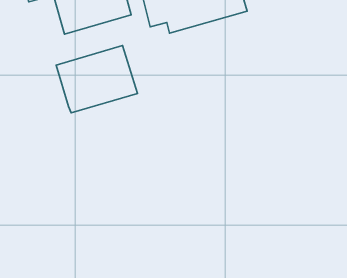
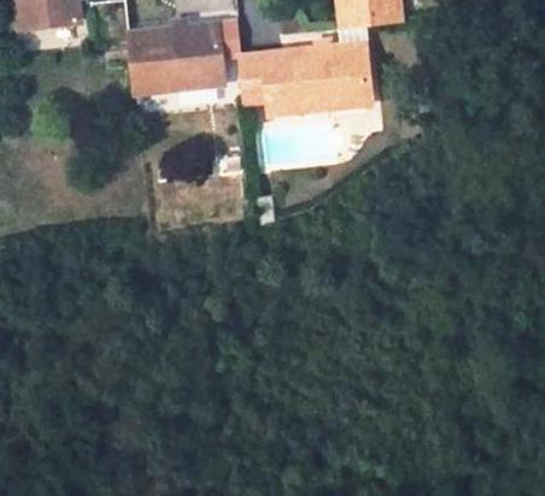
building: [56,46,138,113] -> none

